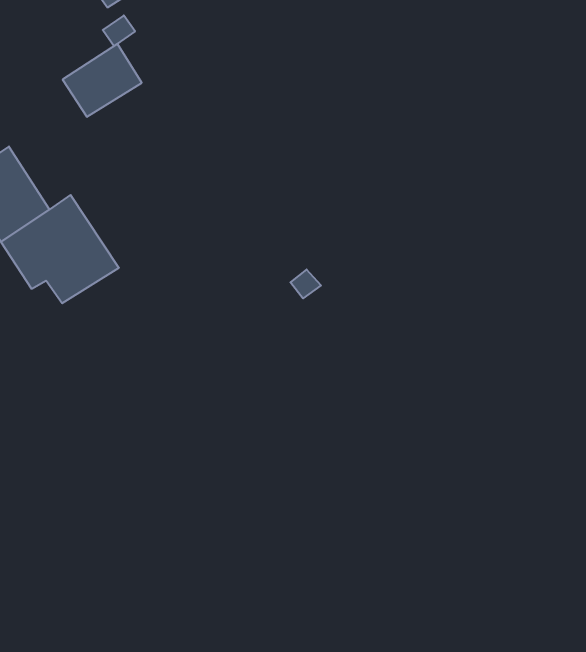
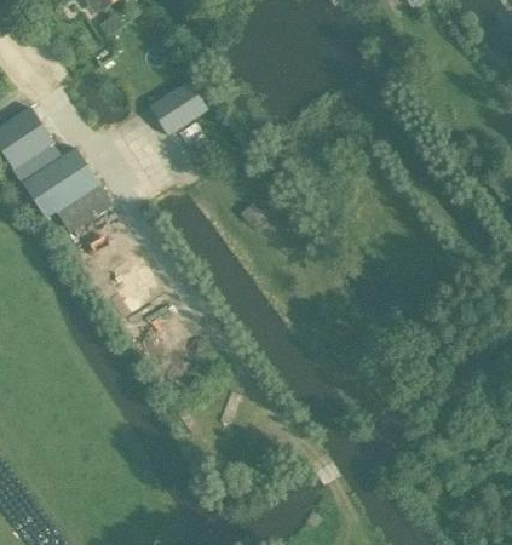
building: [63,44,142,117] -> [148,80,207,134]

